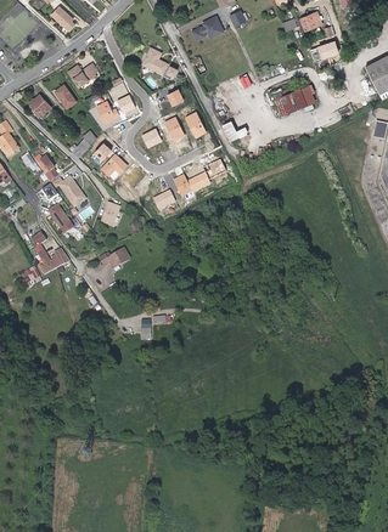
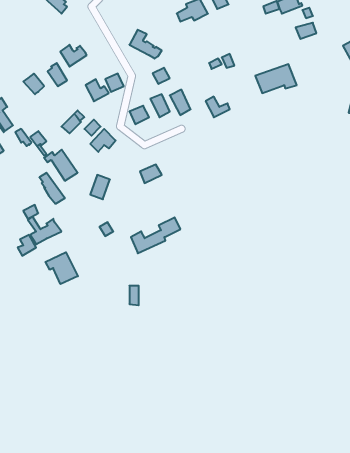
building: [173,159,225,197] -> [131,217,180,253]
building: none -> [45,252,78,284]

